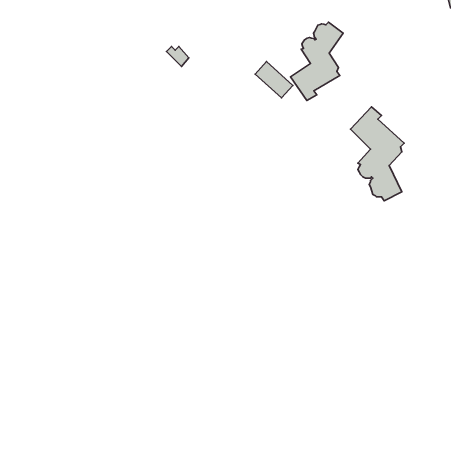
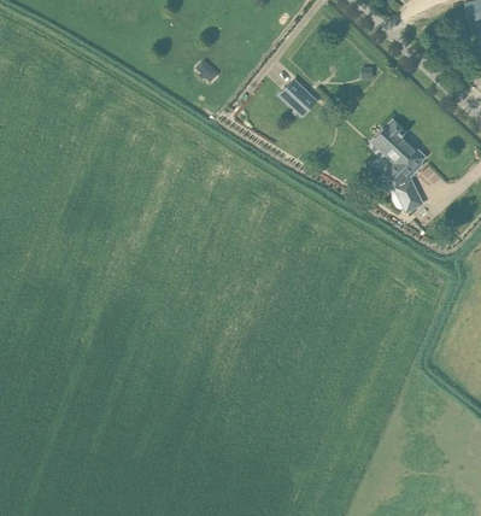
building: [291,22,343,100] -> none

